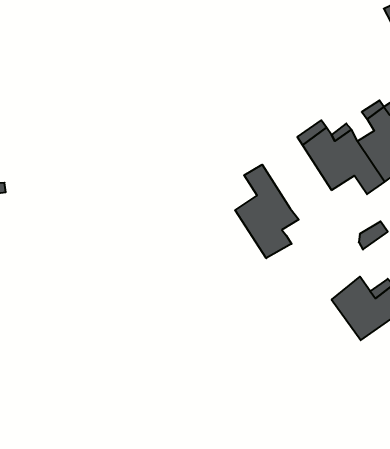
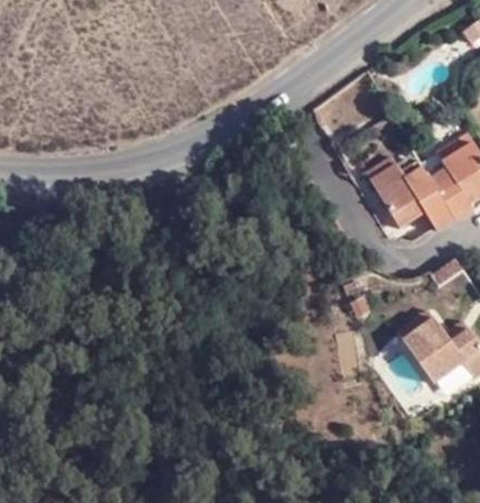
building: [235,165,299,258] -> none

